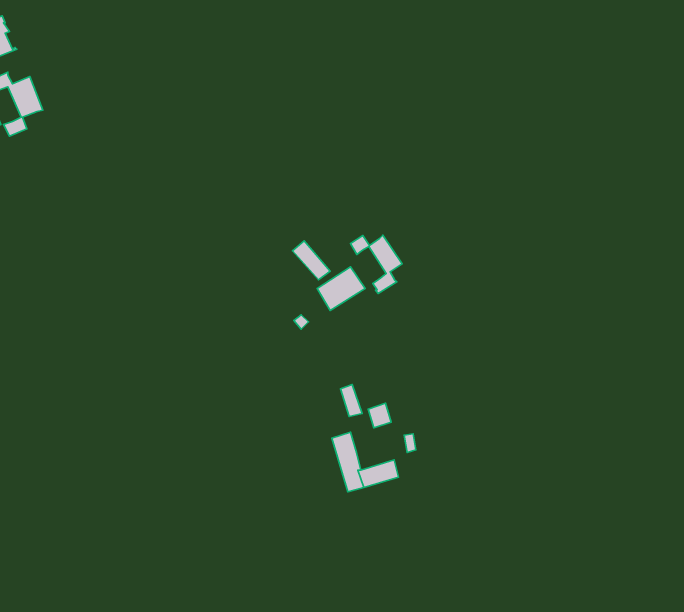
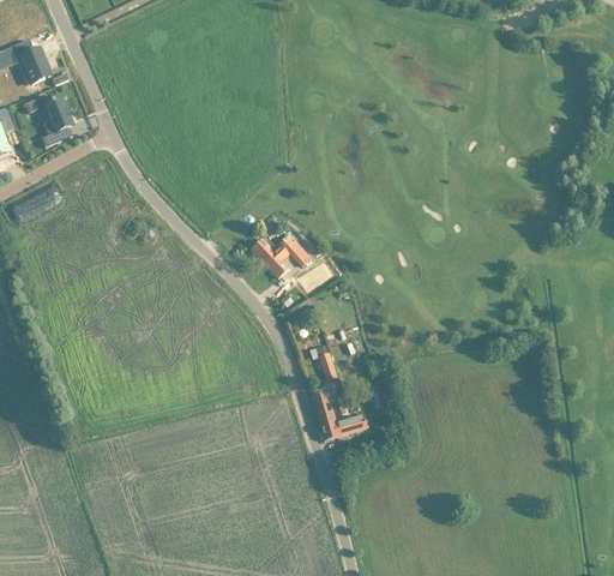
building: [351,235,402,294] -> none
building: none -> [252,238,290,277]

